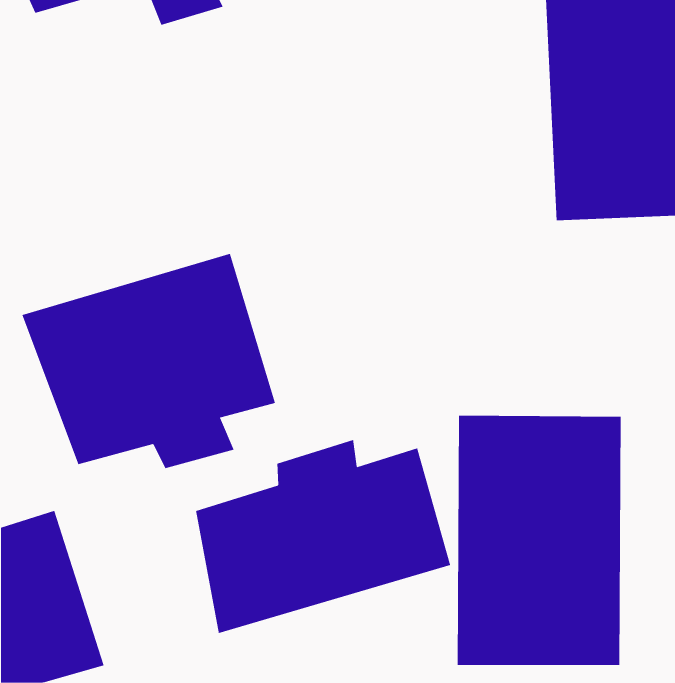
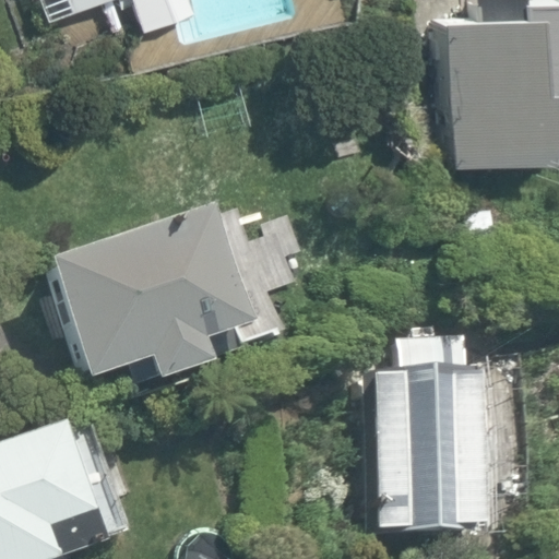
building: [195,439,451,634] -> none

